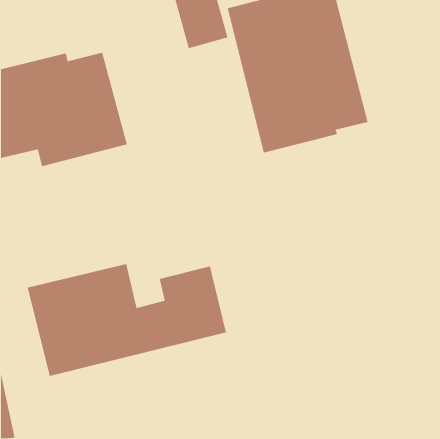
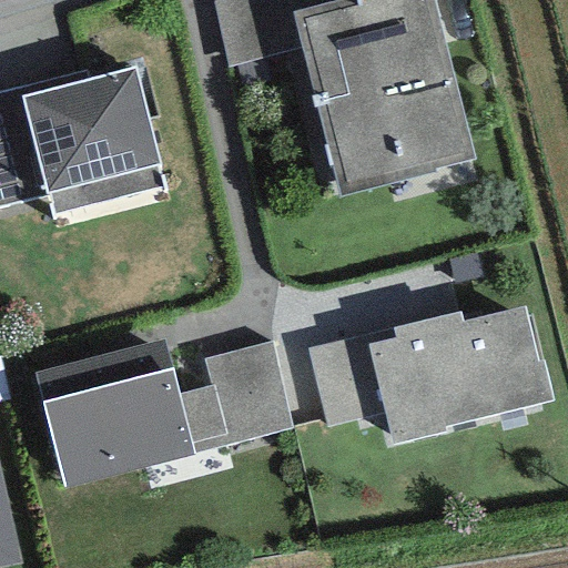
building: none -> [307,305,554,443]

